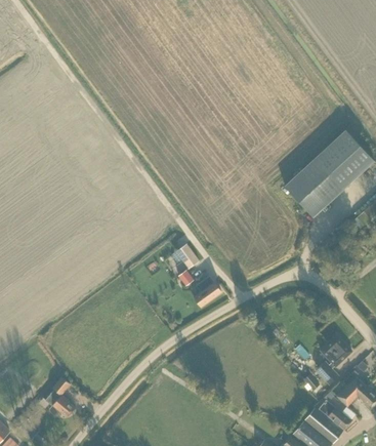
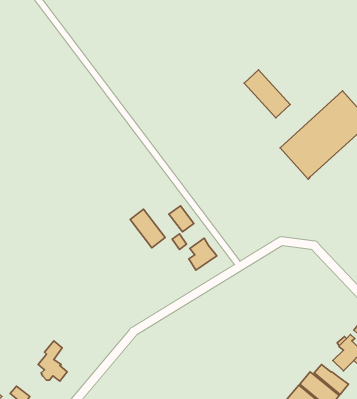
building: none -> [244,70,290,118]
building: none -> [130,209,165,248]
building: [318,335,352,383] -> none

